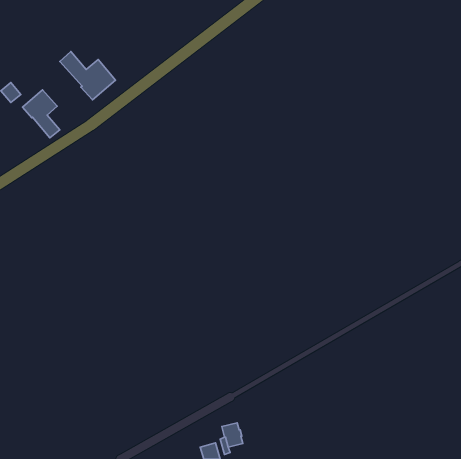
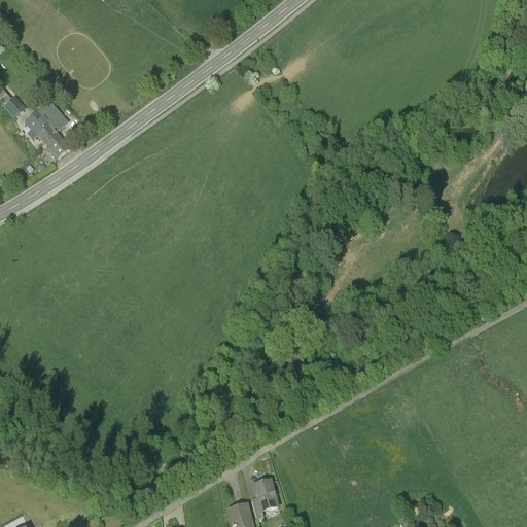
building: [60,51,116,100] -> none

